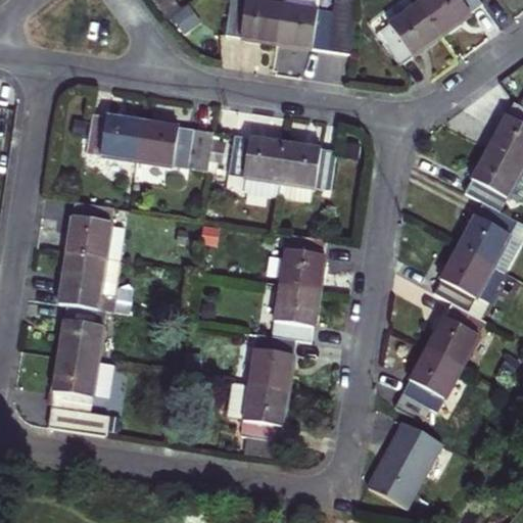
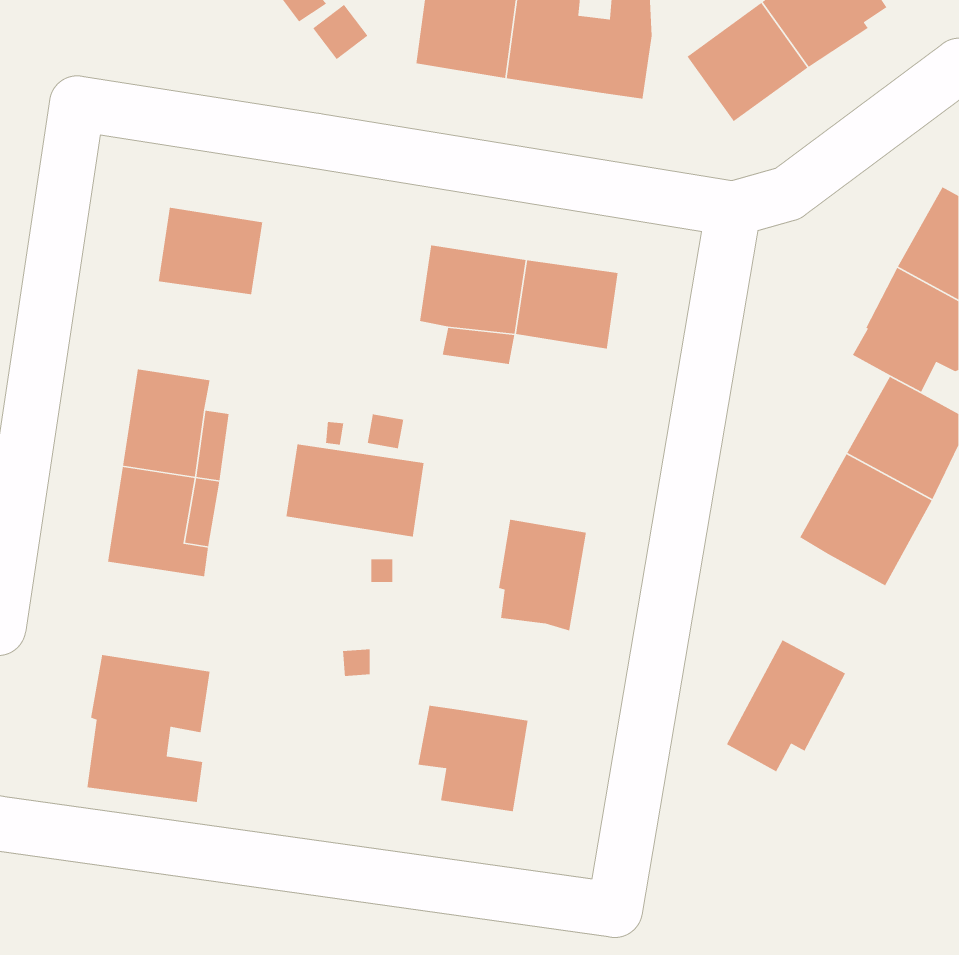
building: [137,121,212,172] -> [285,444,425,538]
building: [275,232,326,289] -> none
building: [425,301,485,366] -> none
building: [55,319,104,362] -> none
building: [248,333,296,391] -> none
building: [366,421,442,507] -> none

